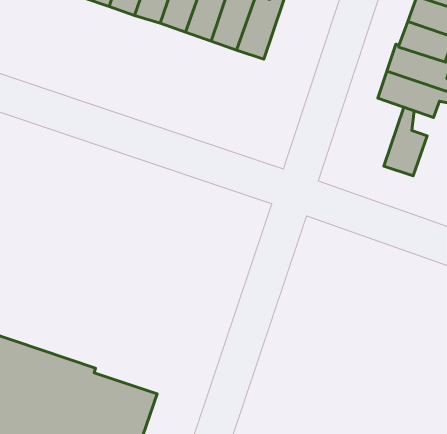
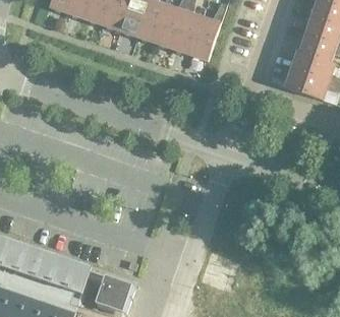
building: [384,107,427,176] -> none

